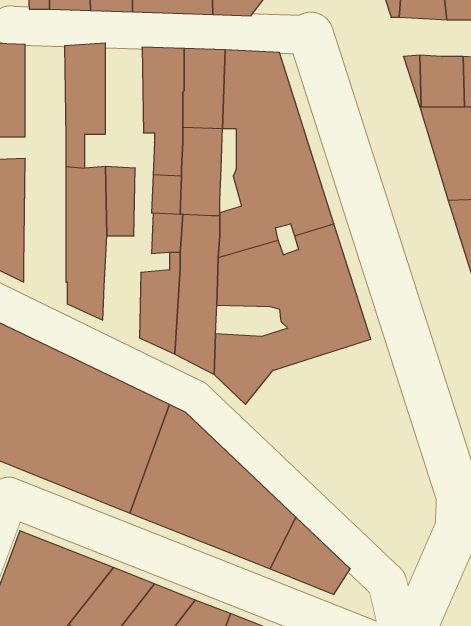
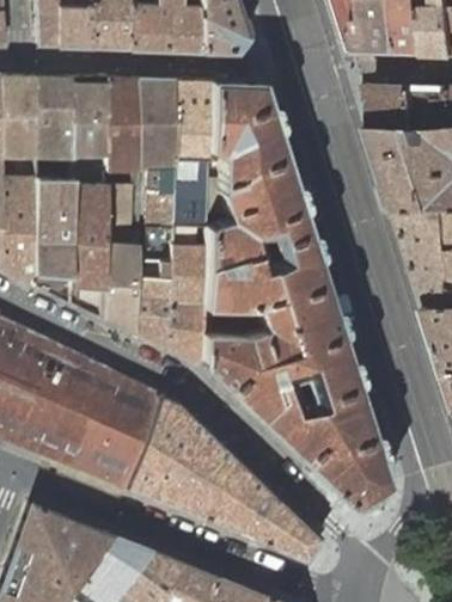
building: none -> [33,76,69,158]
building: none -> [104,78,139,159]
building: none -> [32,176,71,305]
building: none -> [102,245,138,334]
building: none -> [227,336,385,508]

